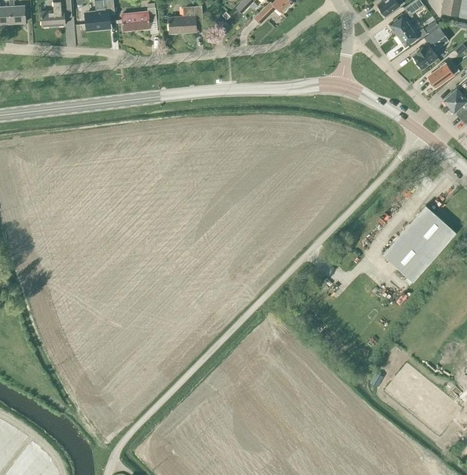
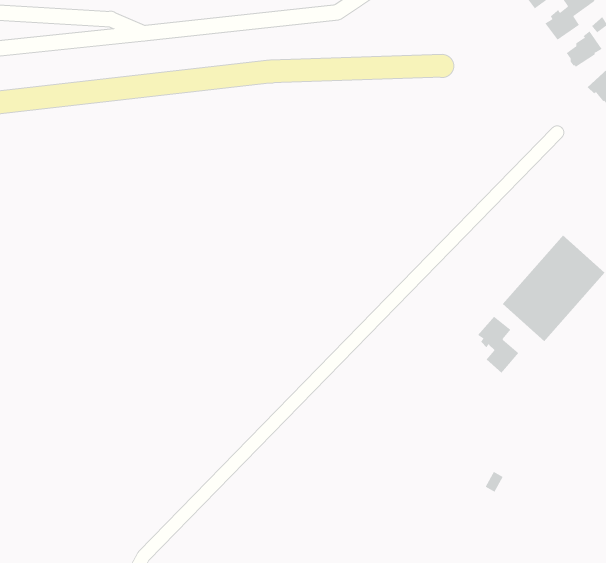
building: none -> [477,316,519,373]

